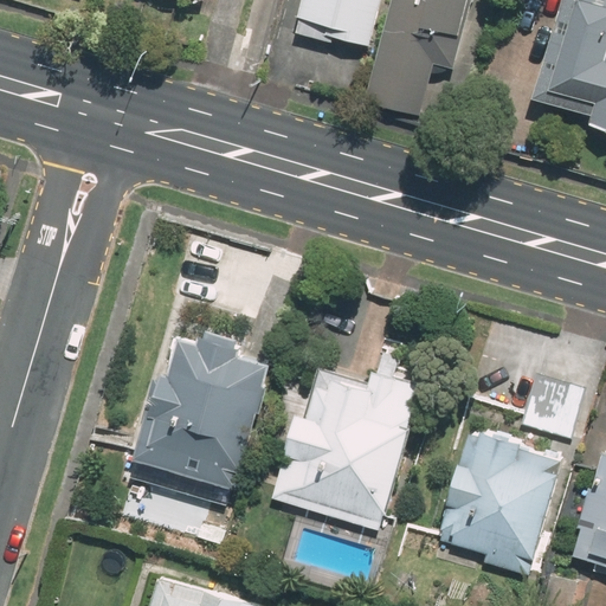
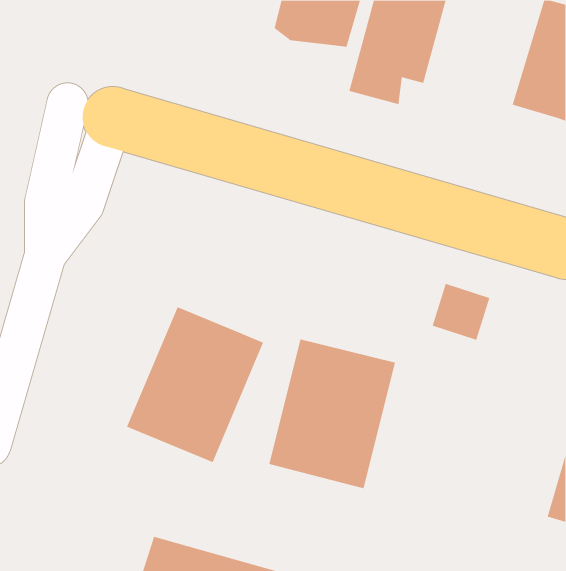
building: [516,375,578,436] -> [432,283,490,341]
building: [433,428,567,574] -> none

